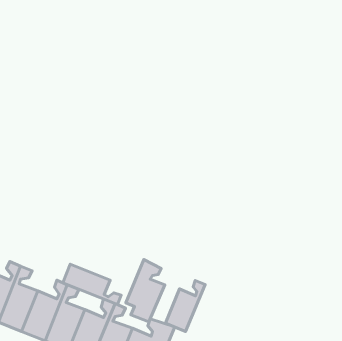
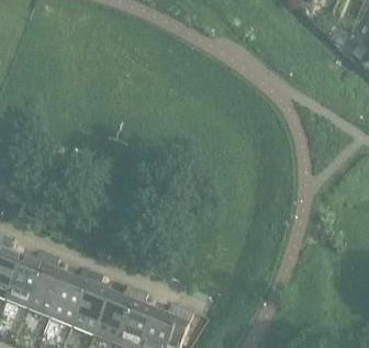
building: [126,259,165,322] -> none
building: [63,264,121,305] -> none
building: [165,280,205,331] -> none

